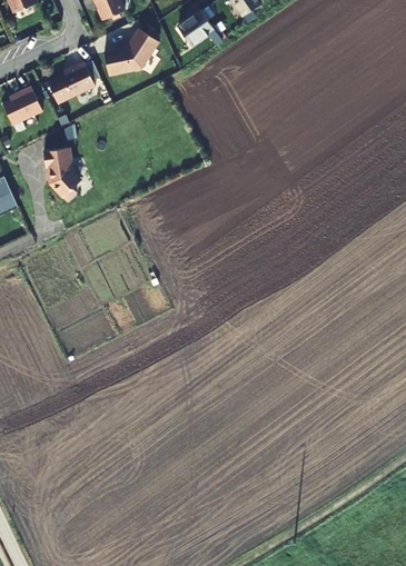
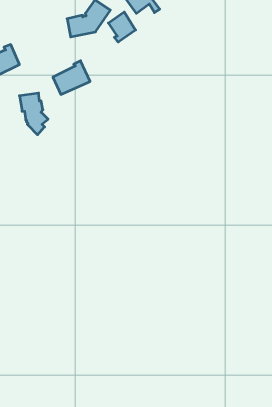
building: none -> [108,12,136,42]
building: [48,60,96,103] -> [53,61,90,94]

